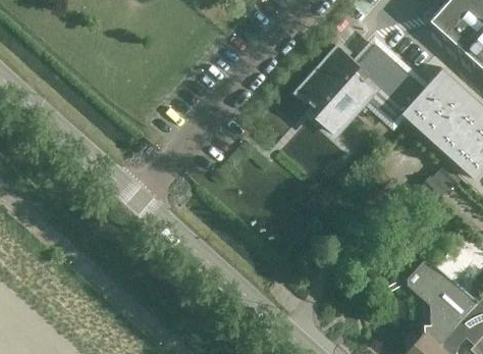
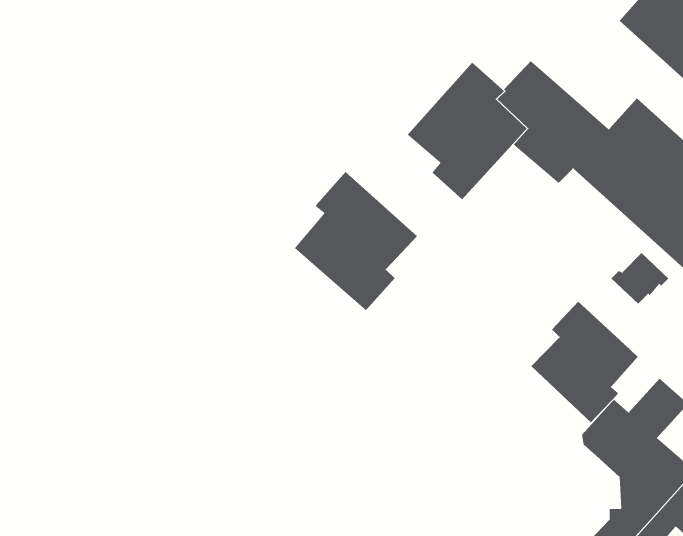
building: none -> [294,171,418,311]
building: none -> [530,301,639,423]

